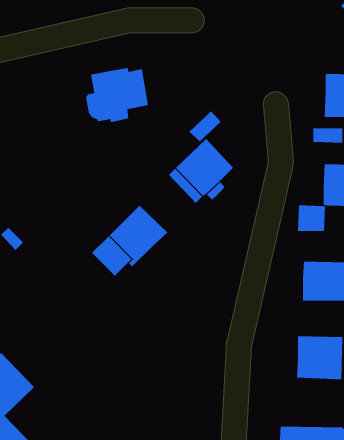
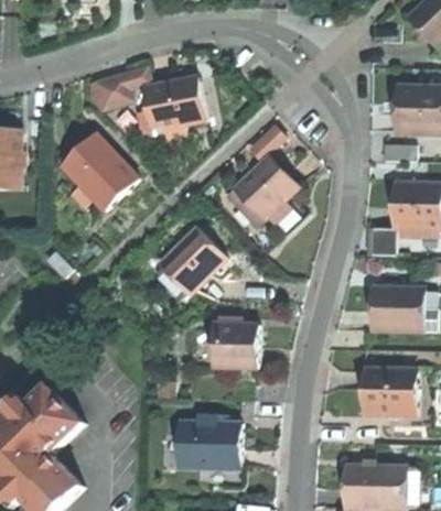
building: none -> [90,66,149,109]
building: none -> [60,132,137,209]
building: none -> [209,323,257,367]
building: none -> [176,420,238,468]

